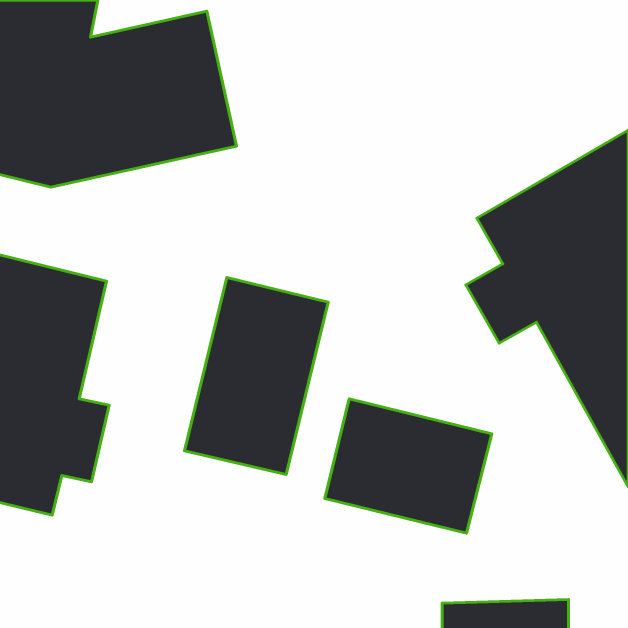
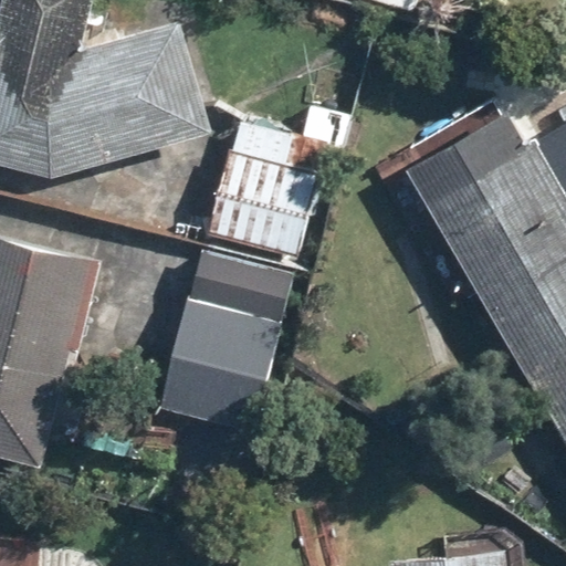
building: none -> [203,99,353,260]
building: [325,399,492,533] -> none

